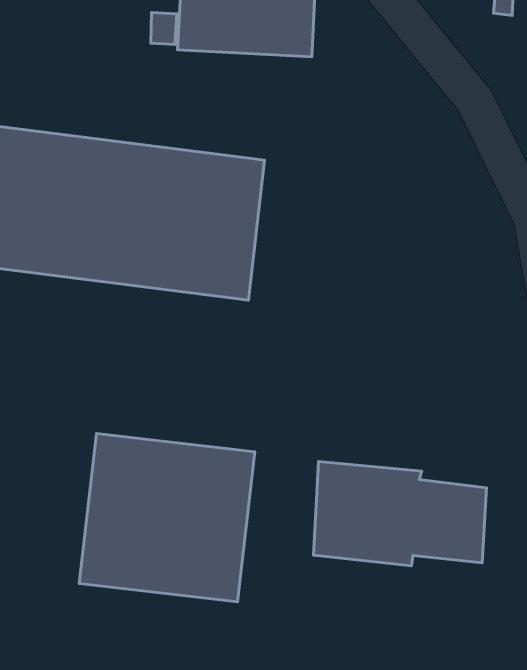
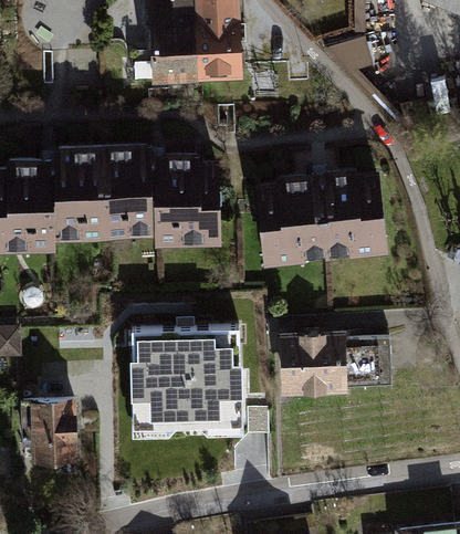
building: none -> [263,179,390,264]

